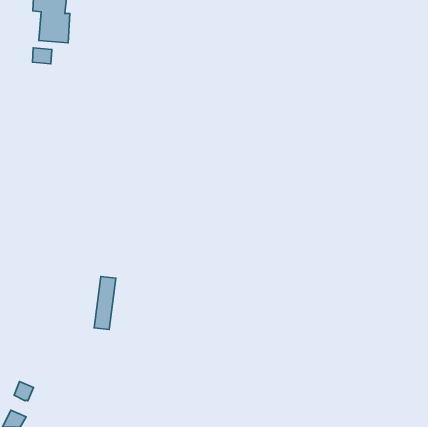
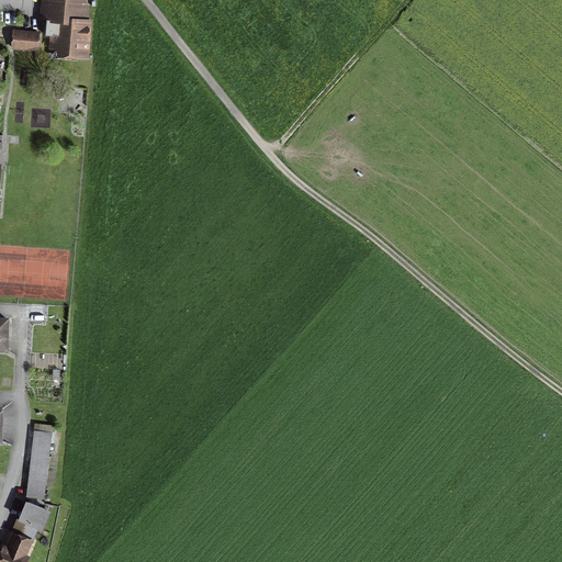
building: [32,48,52,64] -> [11,30,36,50]
building: [94,277,116,329] -> [25,429,54,498]

